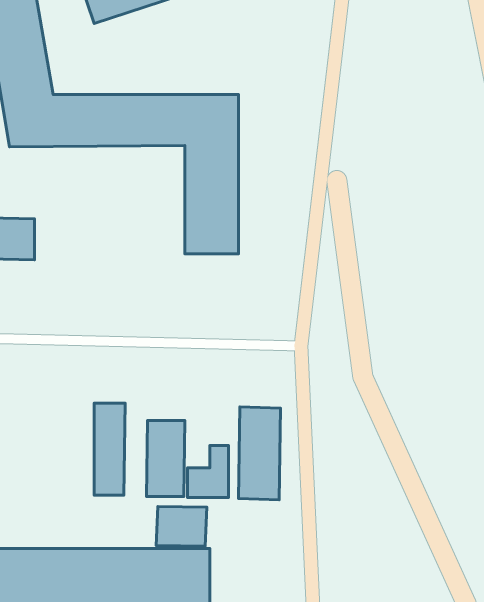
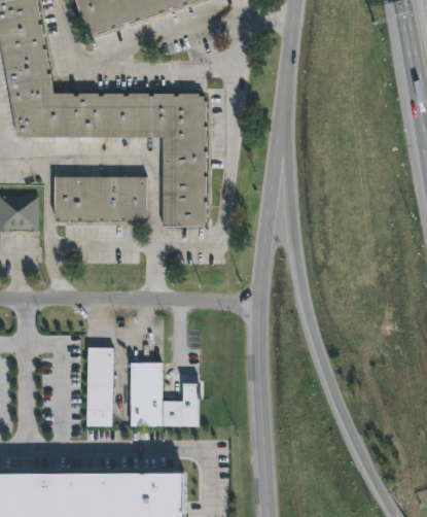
building: none -> [55,178,146,222]
building: [238,407,281,500] -> none
building: [156,506,207,546] -> none

